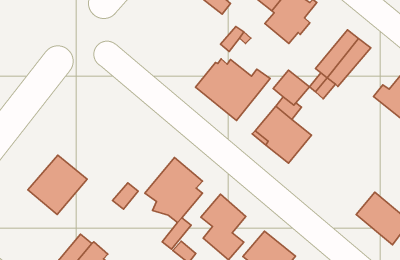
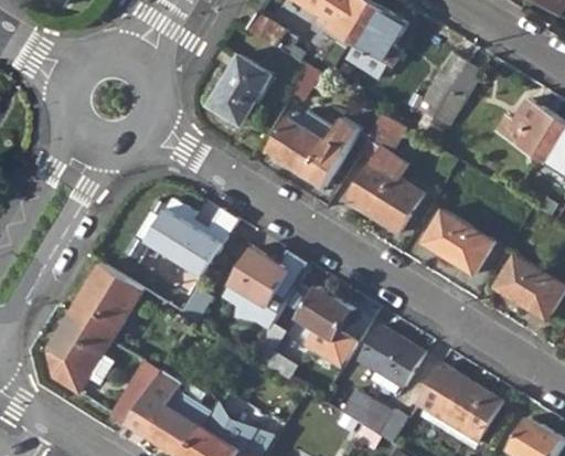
building: none -> [206,53,271,126]
building: none -> [121,197,241,279]
building: none -> [423,209,493,273]
building: none -> [46,312,114,391]

